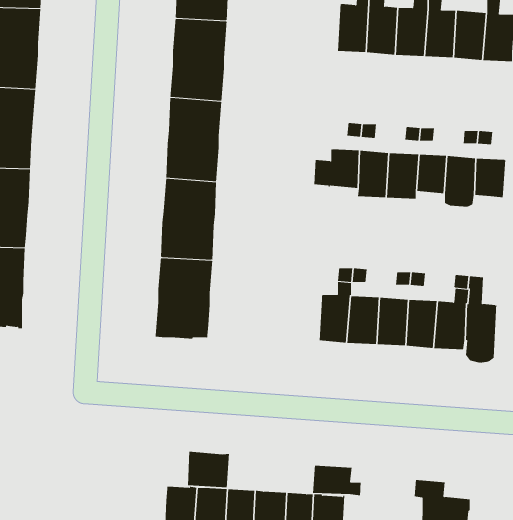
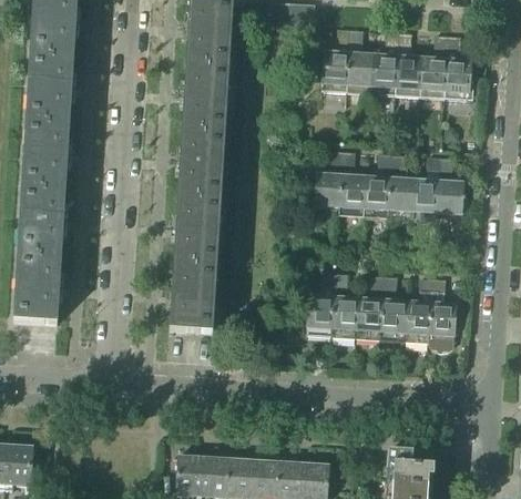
building: [188,451,230,488] -> none
building: [313,465,361,496] -> none

